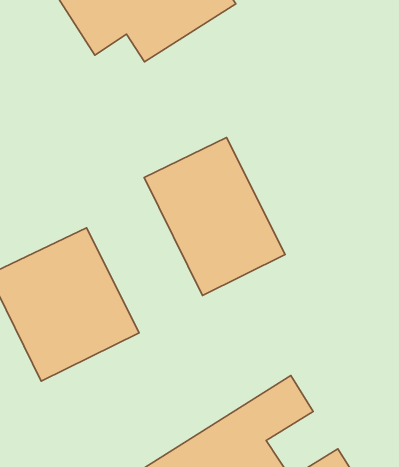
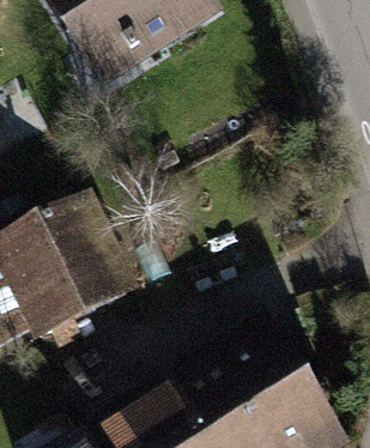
building: [144,138,285,296] -> none

